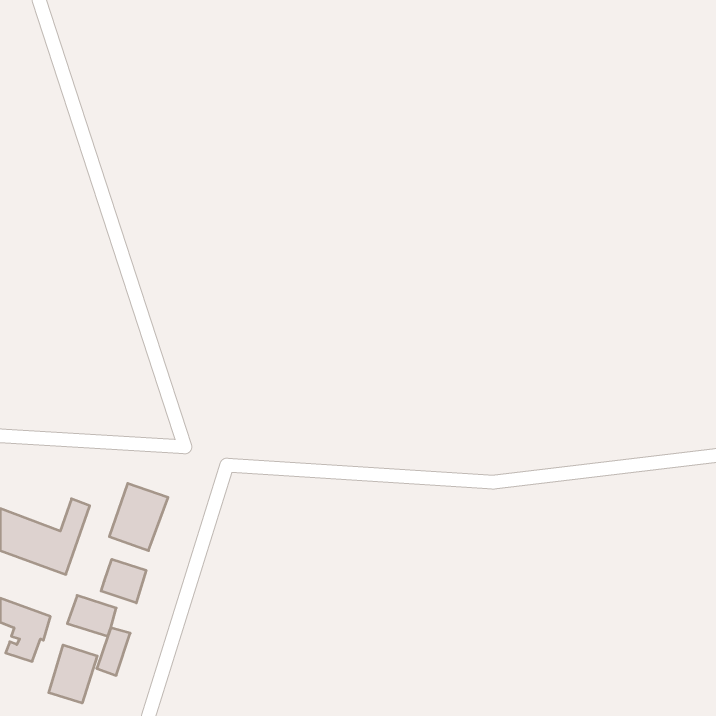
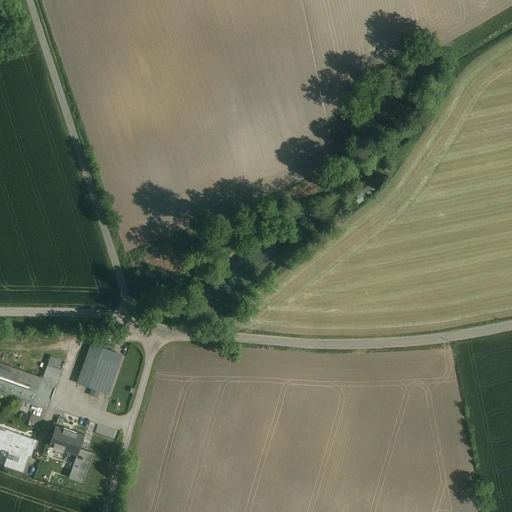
building: [101,559,146,603] -> none
building: [49,645,97,703] -> none

